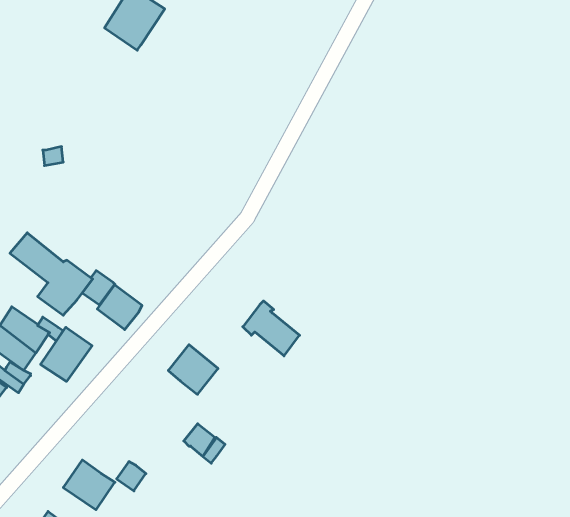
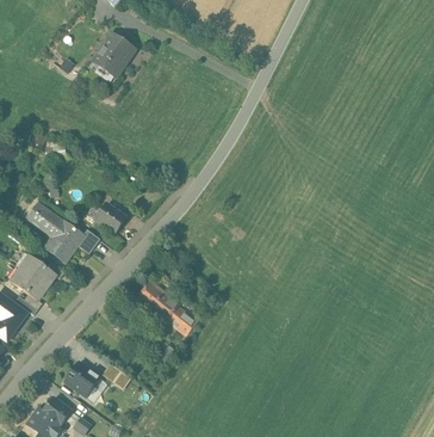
building: [97,285,142,330] -> [94,202,125,233]
building: [243,301,300,356] -> [157,297,197,336]
building: [41,327,92,381] -> none

